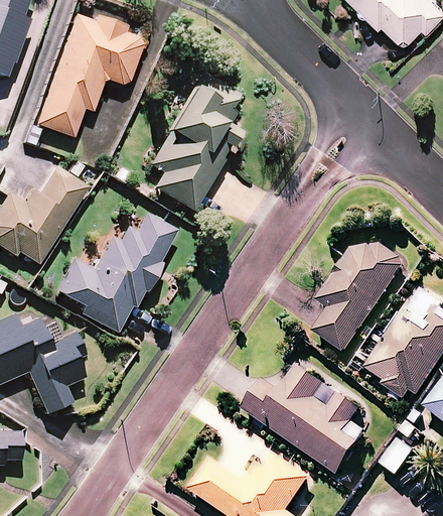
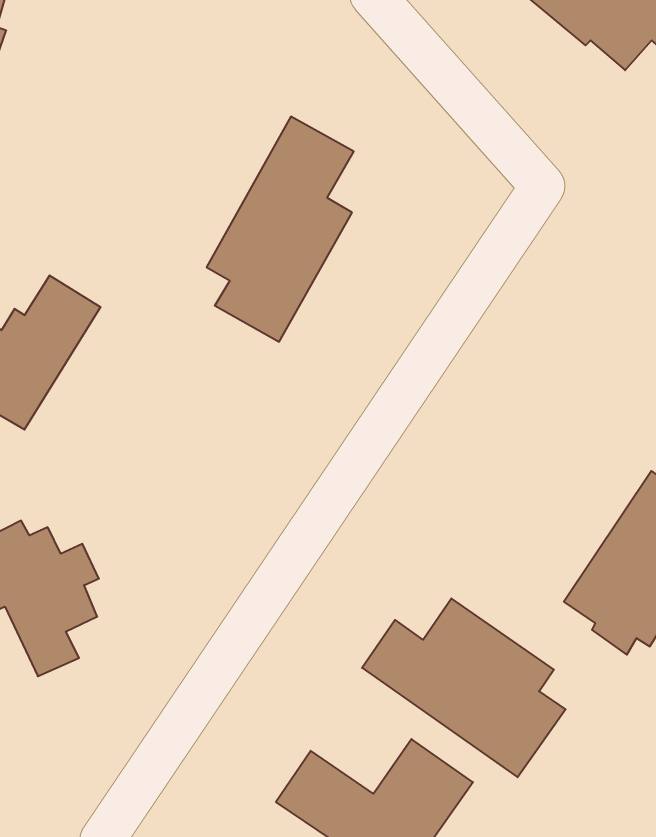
building: [37,14,144,137] -> none
building: [58,215,176,332] -> none
building: [317,233,411,353] -> none

